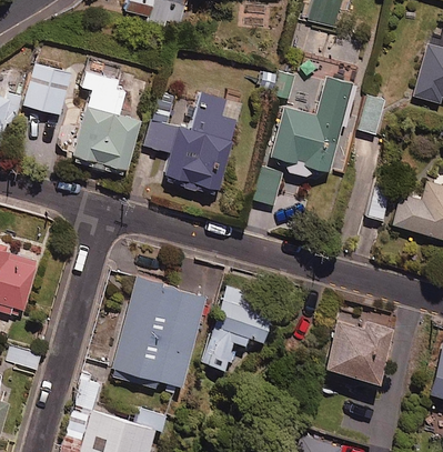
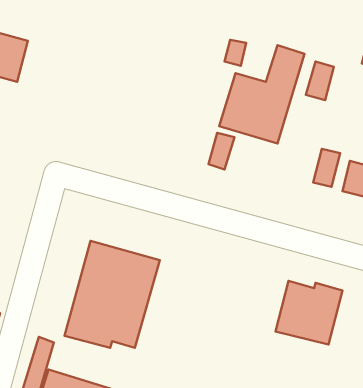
building: [71,71,140,174] -> none
building: [143,92,236,193] -> none
building: [202,289,274,369] -> none

